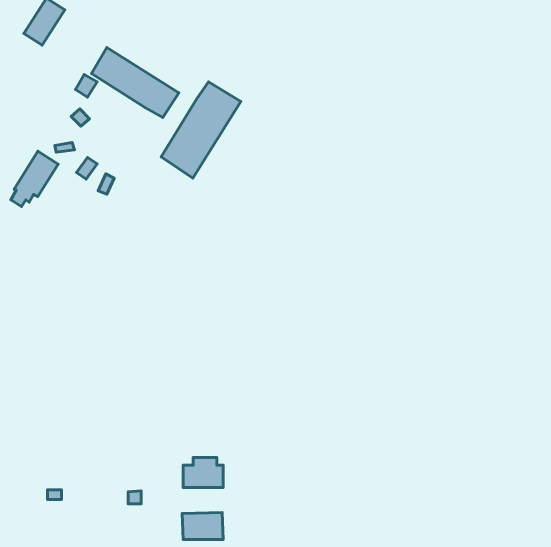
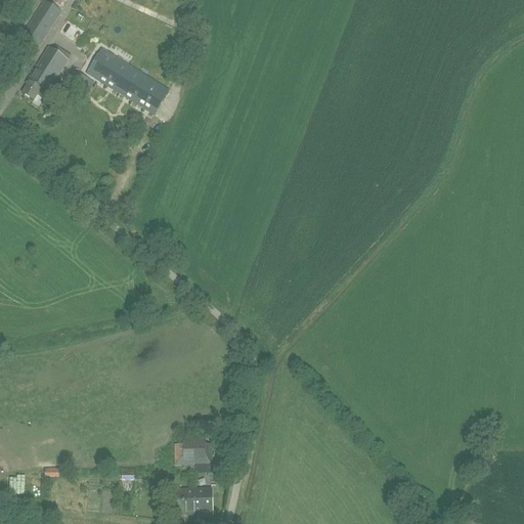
building: [161,82,241,178] -> none
building: [11,151,58,206] -> [23,45,68,97]

